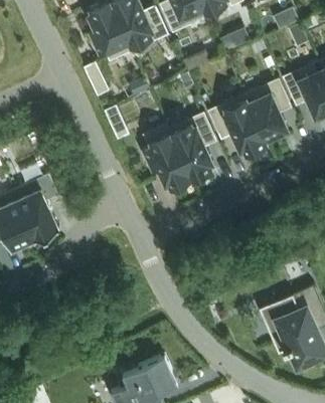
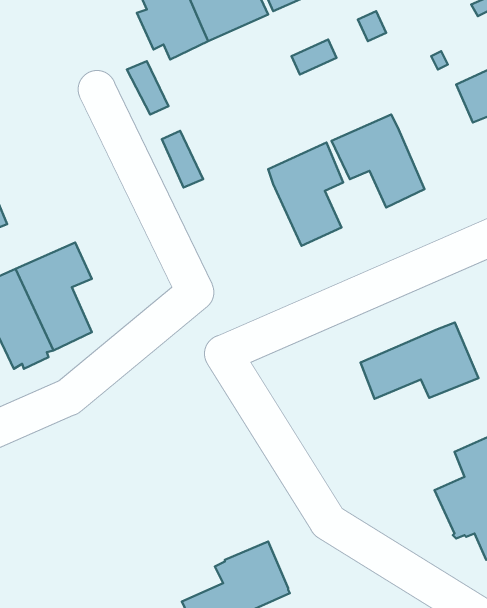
building: [240,80,287,142] -> none
building: [140,125,186,187] -> none
building: none -> [360,322,478,399]

